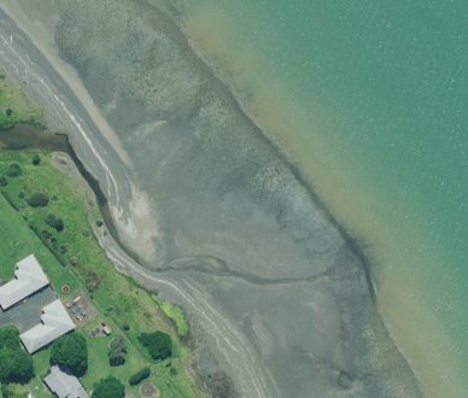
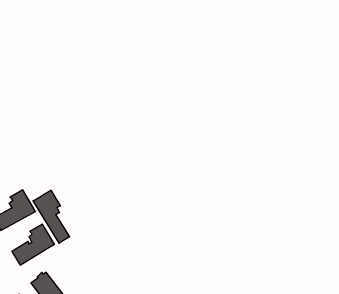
building: none -> [33,190,70,243]

